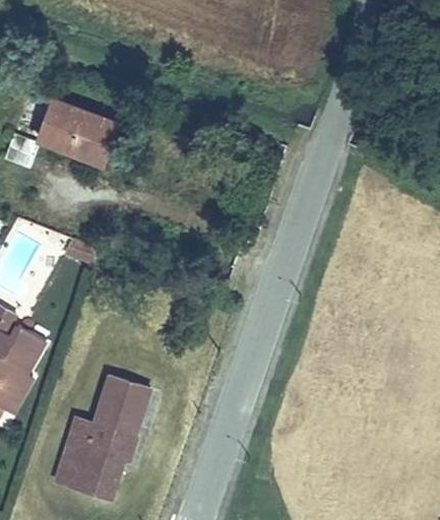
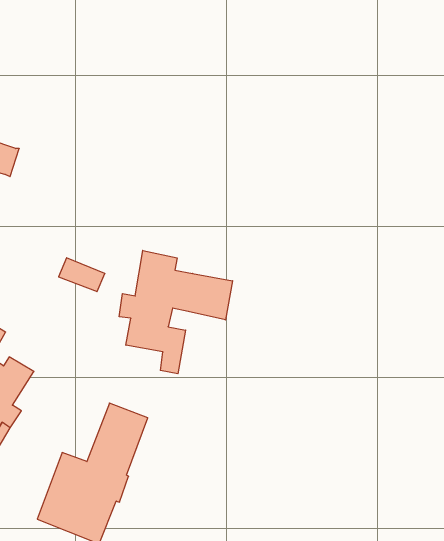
building: [34,100,115,162] -> none
building: none -> [119,250,233,374]

